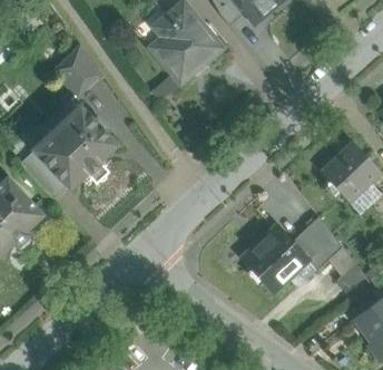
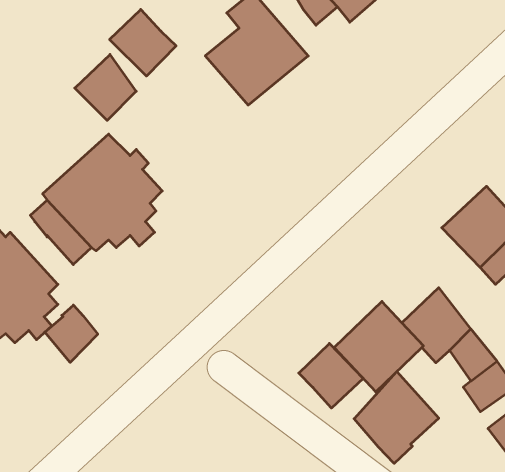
building: none -> [110,9,176,76]
building: none -> [45,305,98,362]
building: none -> [299,343,363,408]
building: none -> [354,371,439,463]

